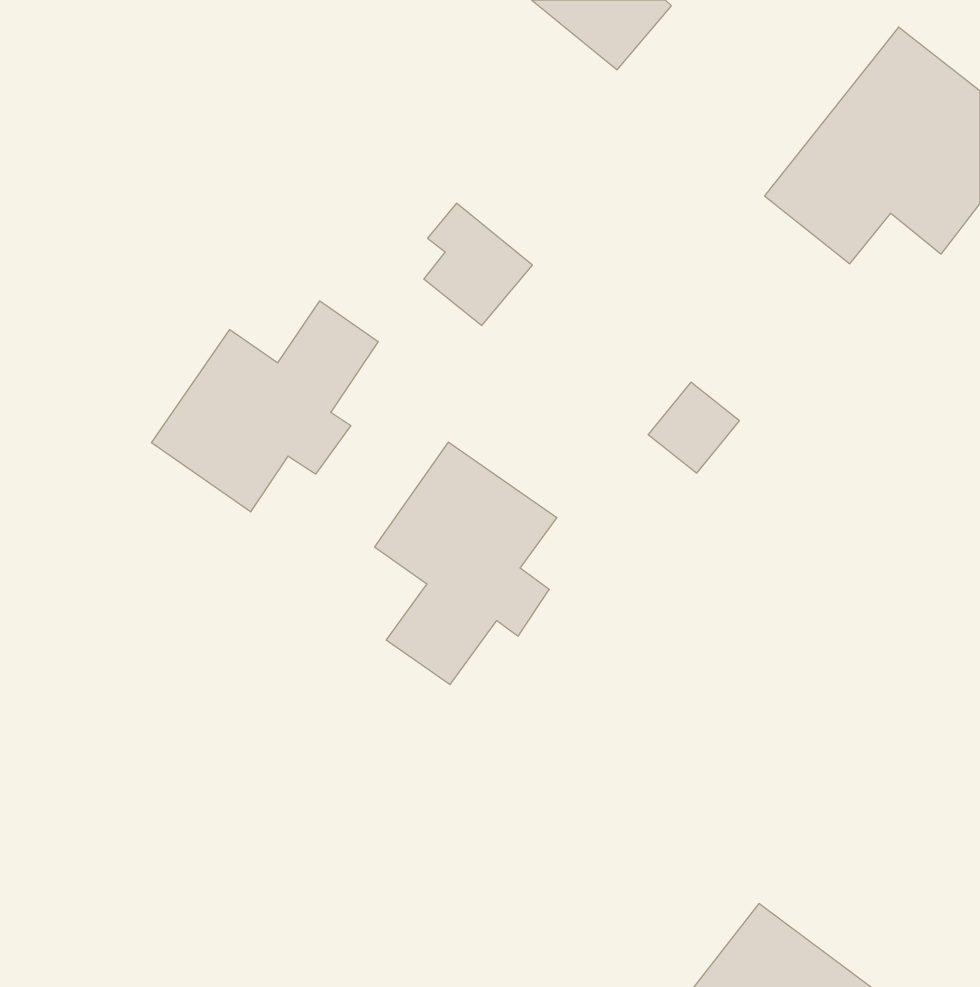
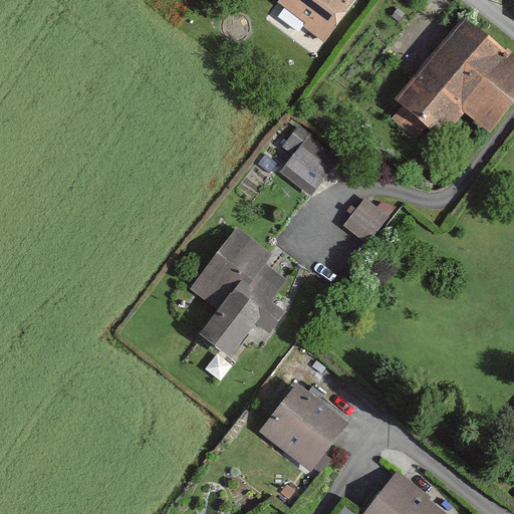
building: [424,203,532,325] -> [277,128,333,192]
building: [151,301,378,512] -> none
building: none -> [261,386,347,470]

